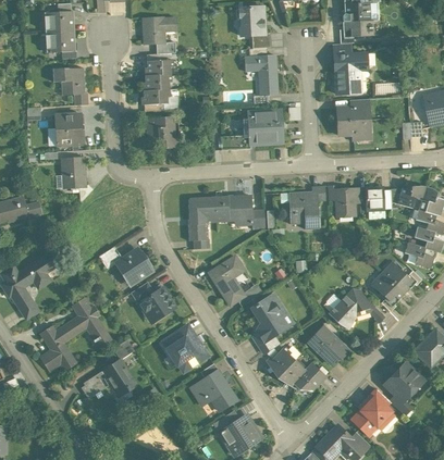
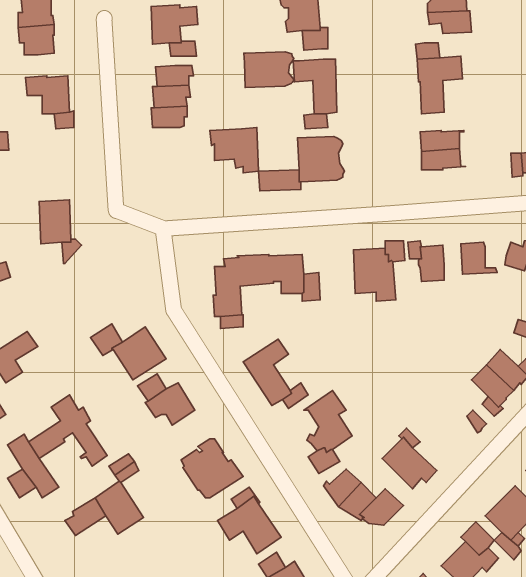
building: none -> [244,52,294,87]
building: [54,113,83,146] -> none
building: [144,116,178,149] -> [210,127,258,173]
building: [328,289,369,330] -> none

